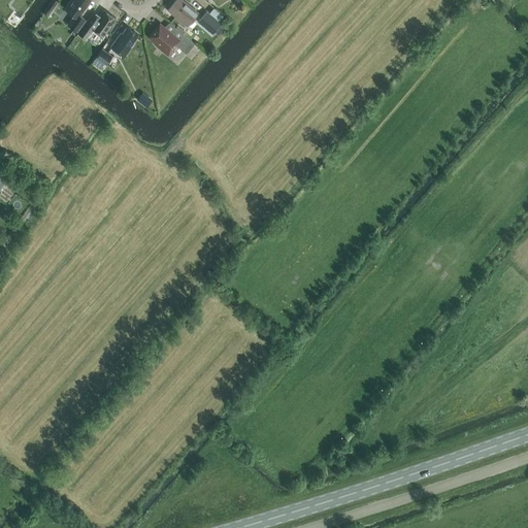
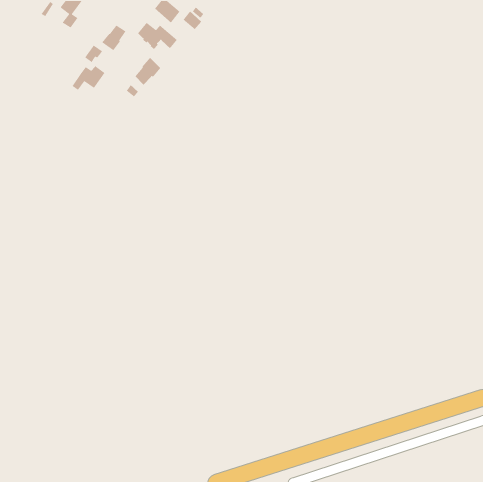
building: [78,11,116,39] -> [71,65,105,91]
building: none -> [134,57,161,86]

